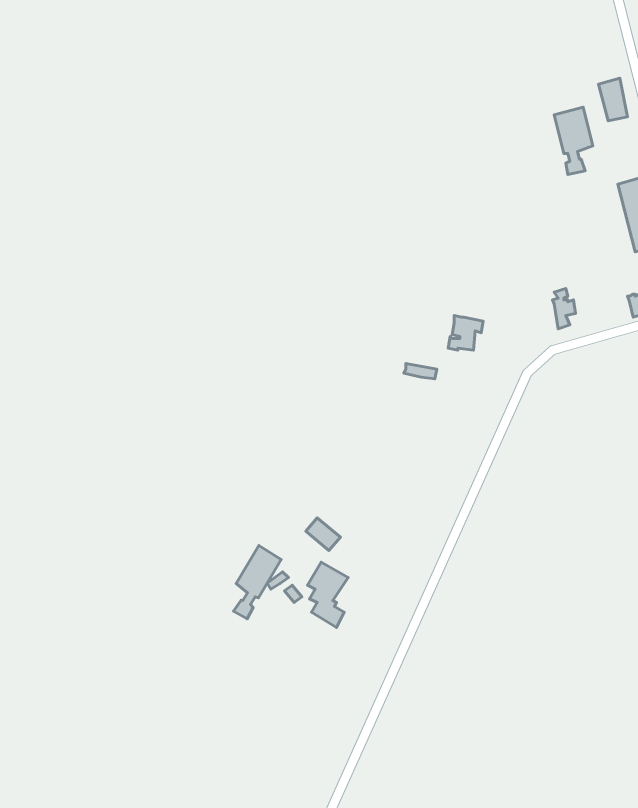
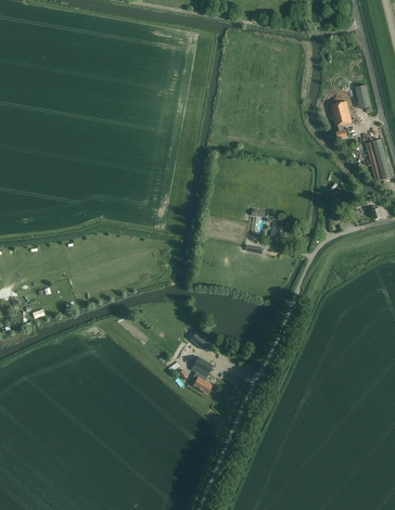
building: [234,545,281,619] -> none

